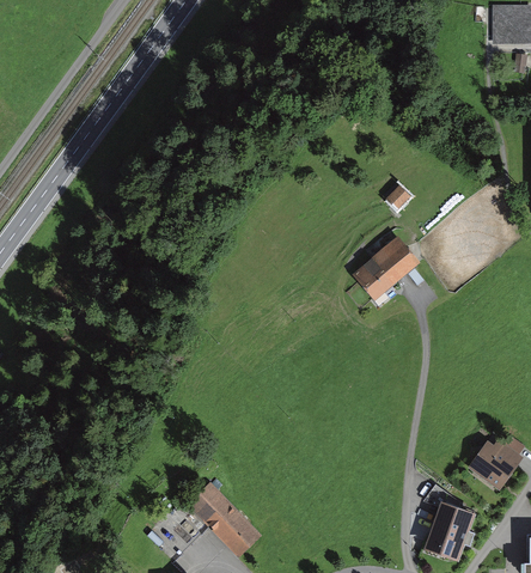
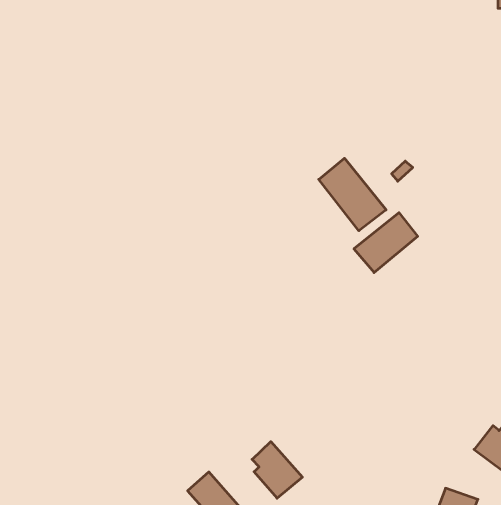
building: none -> [319,158,386,231]
building: none -> [252,442,302,498]

